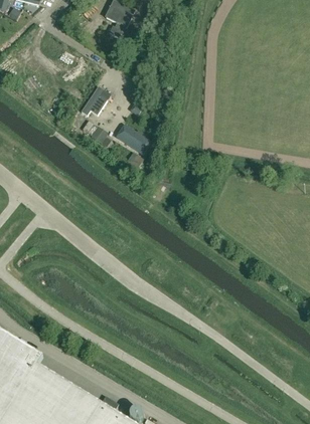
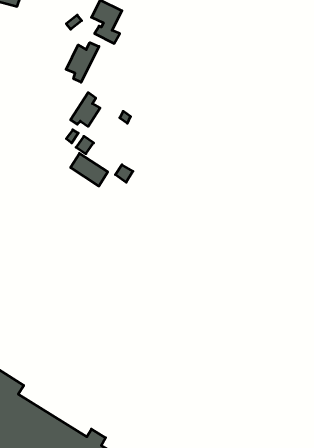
building: none -> [66,43,99,82]
building: [120,124,154,154] -> [71,153,108,186]

